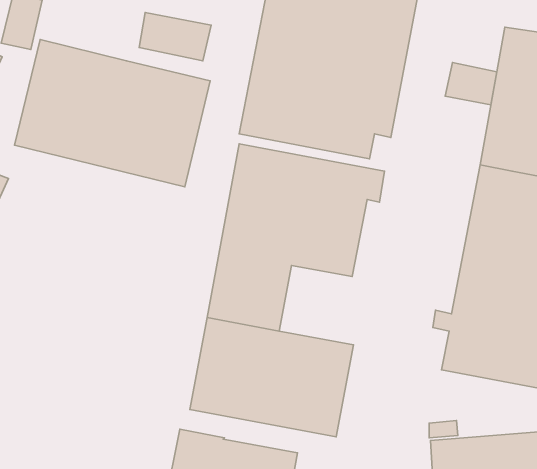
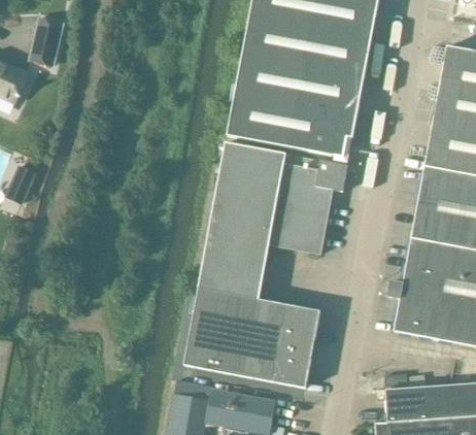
building: [139,13,211,61] -> none
building: [15,39,210,187] -> none
building: [445,62,497,105] -> none

